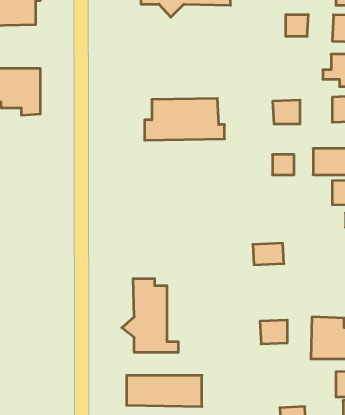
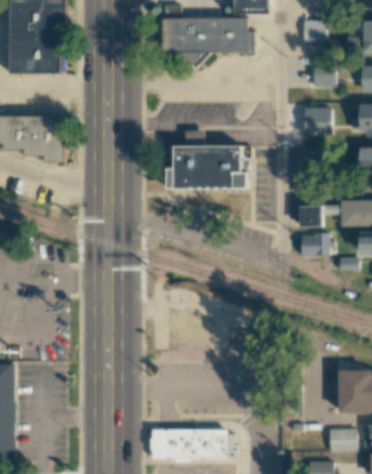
building: [273,100,300,124] -> [302,106,330,130]
building: [253,243,284,265] -> [299,233,330,254]
building: [122,279,178,352] -> none
building: [260,320,287,344] -> [327,427,355,451]

